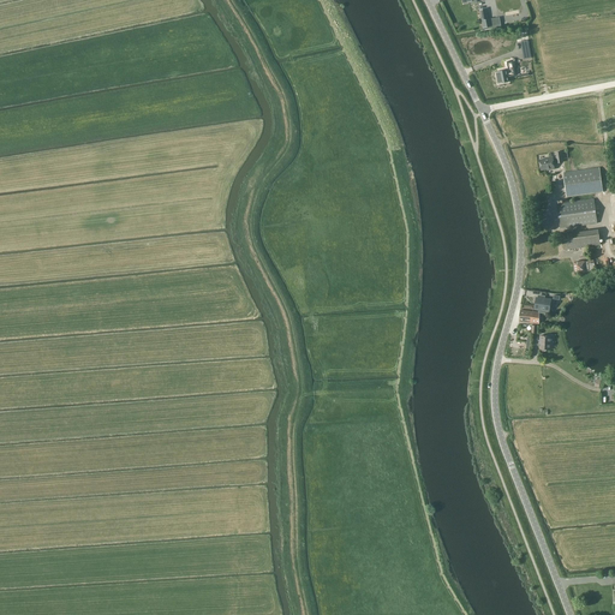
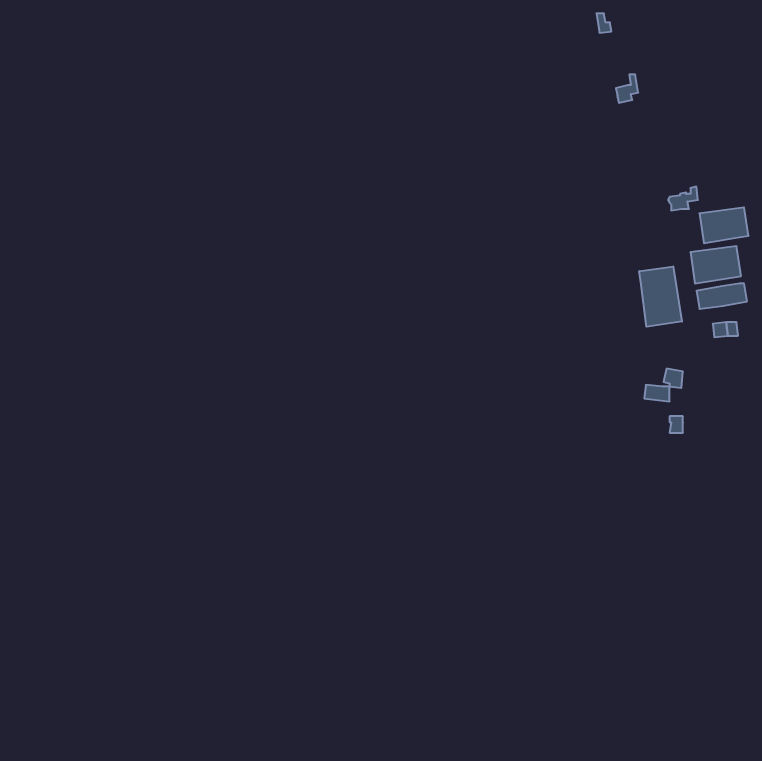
building: none -> [639,266,682,327]

